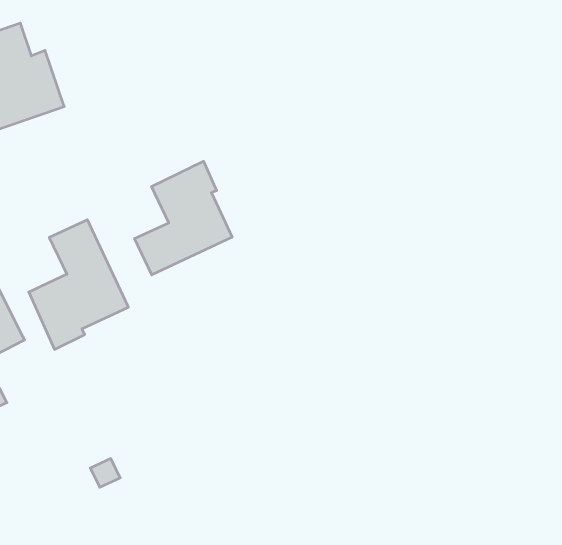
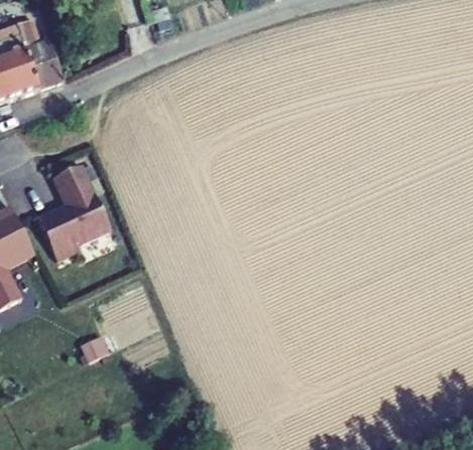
building: [135,161,232,275] -> none

